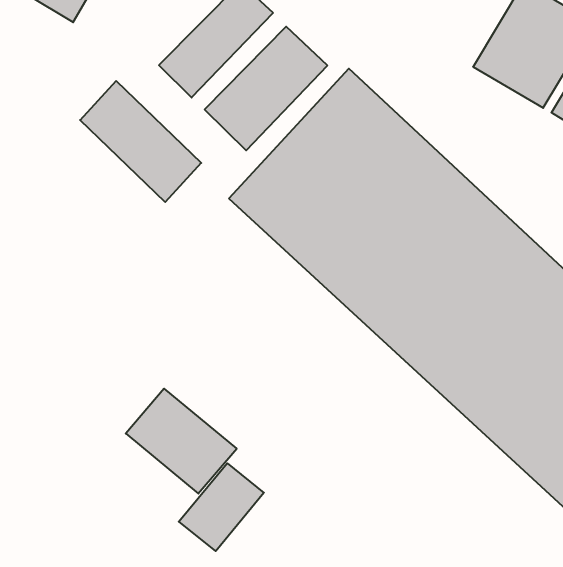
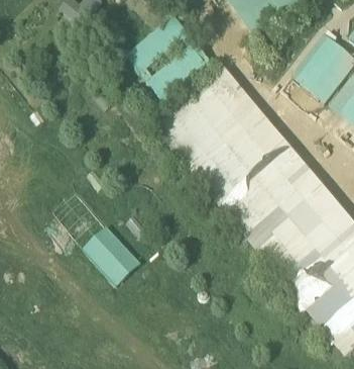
building: [80,81,201,202] -> none
building: [179,463,264,551] -> none

